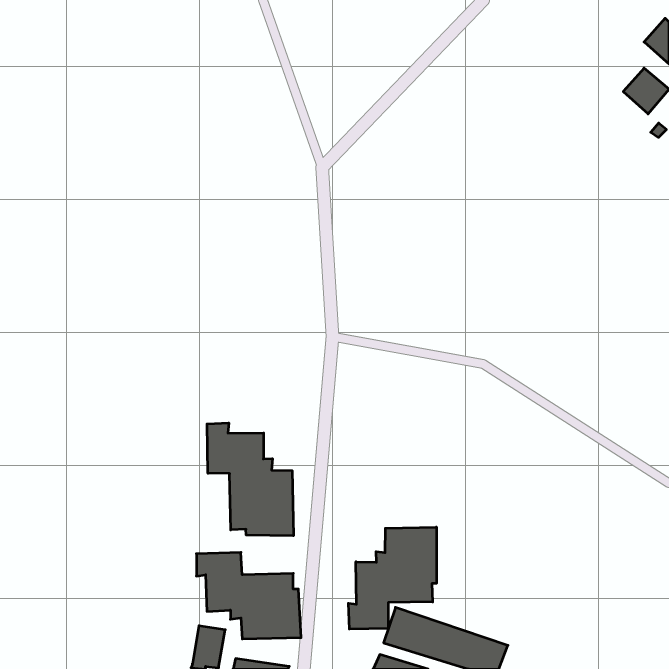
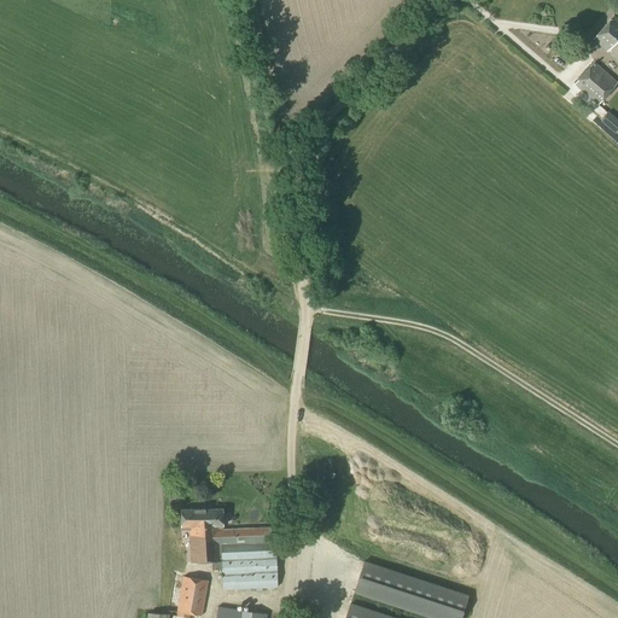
building: [207,423,293,536] -> none
building: [348,527,436,629] -> none

